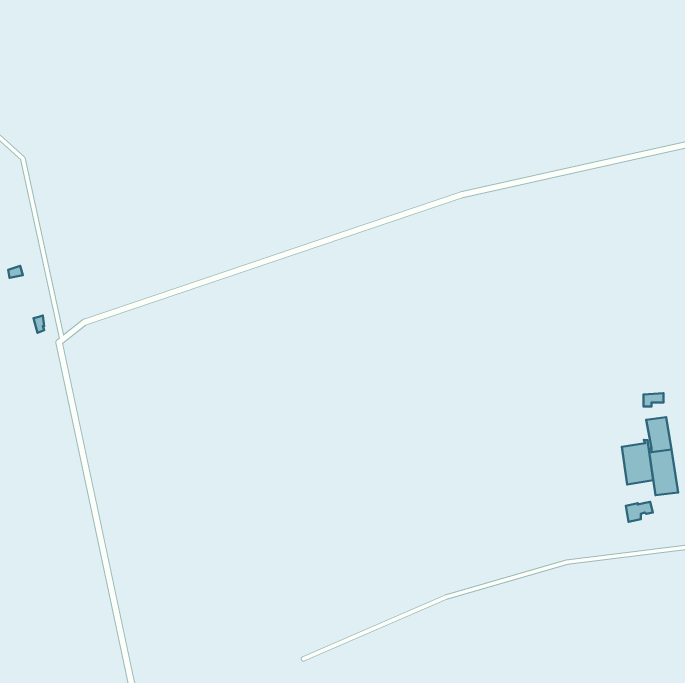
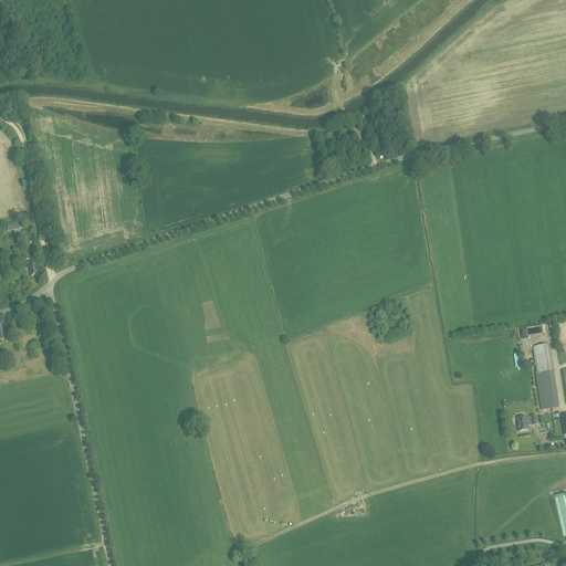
building: [622,440,653,485] -> none

